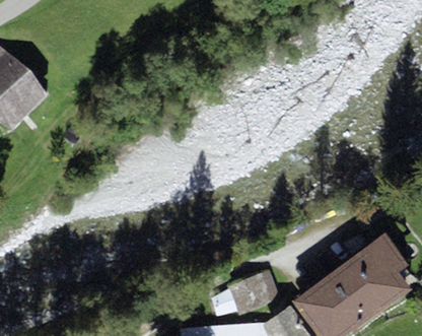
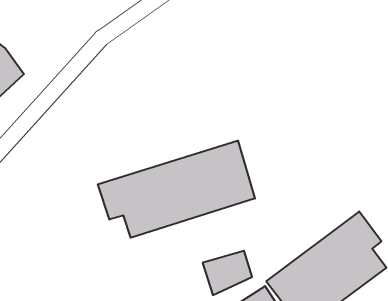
building: none -> [98,141,255,238]

